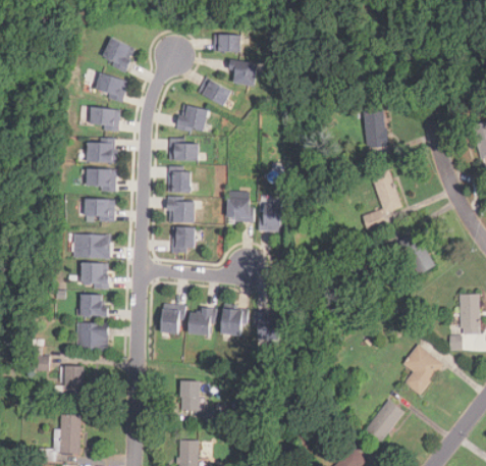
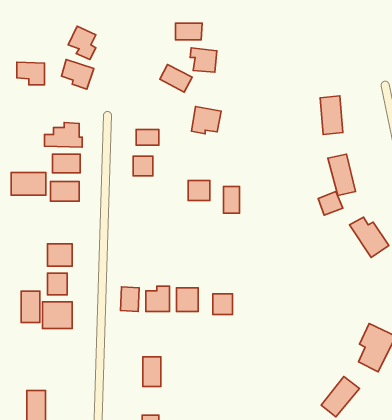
building: [177,104,208,133] -> [192,106,221,134]
building: [91,108,119,132] -> [17,62,44,85]
building: [168,200,194,221] -> none
building: [172,226,194,250] -> none
building: [73,235,109,258] -> [11,172,46,195]
building: [64,366,84,399] -> [21,291,40,323]

